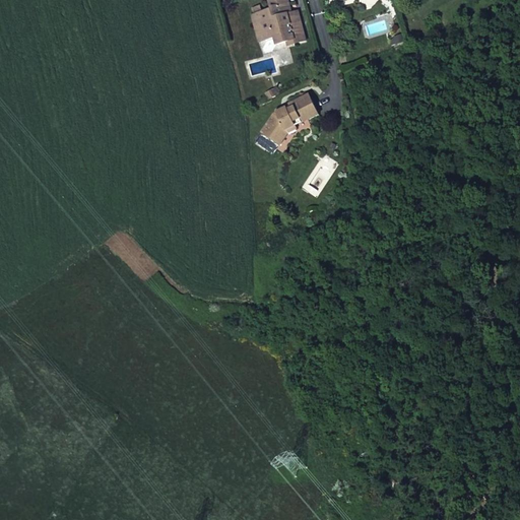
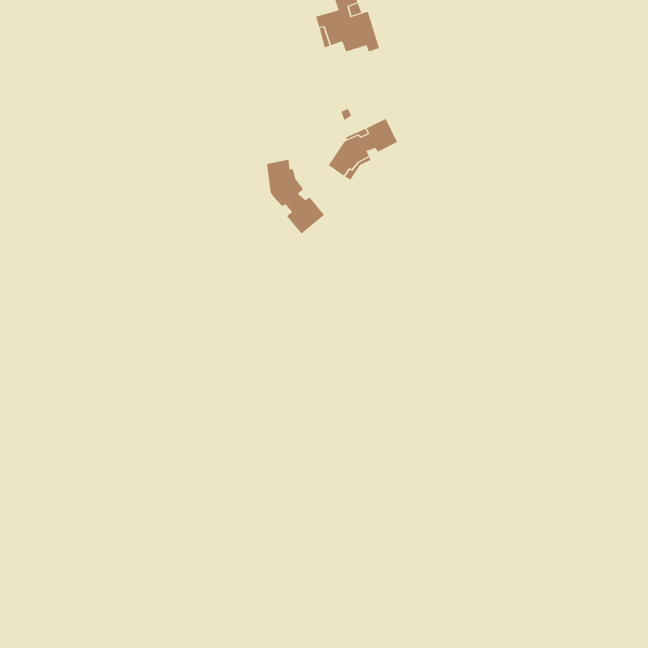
building: none -> [267,159,325,235]

